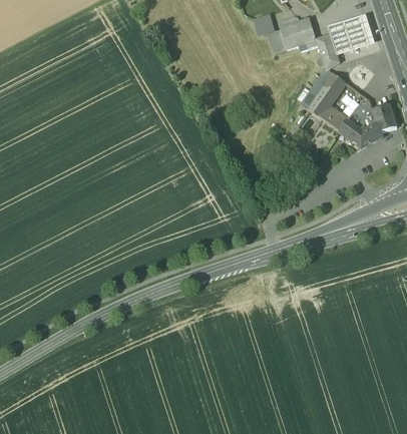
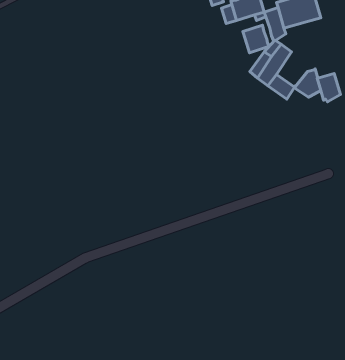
building: none -> [243,25,269,53]
building: [339,119,382,146] -> none

